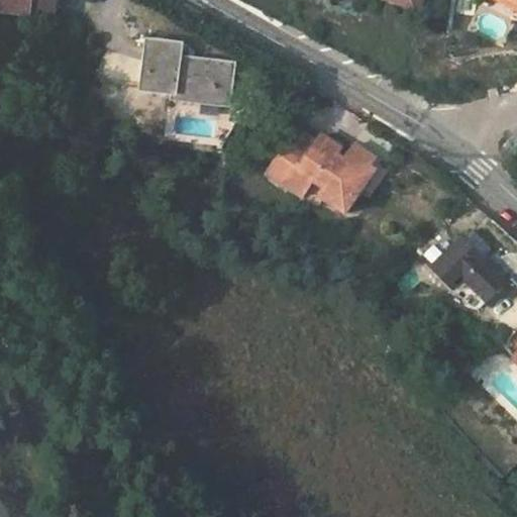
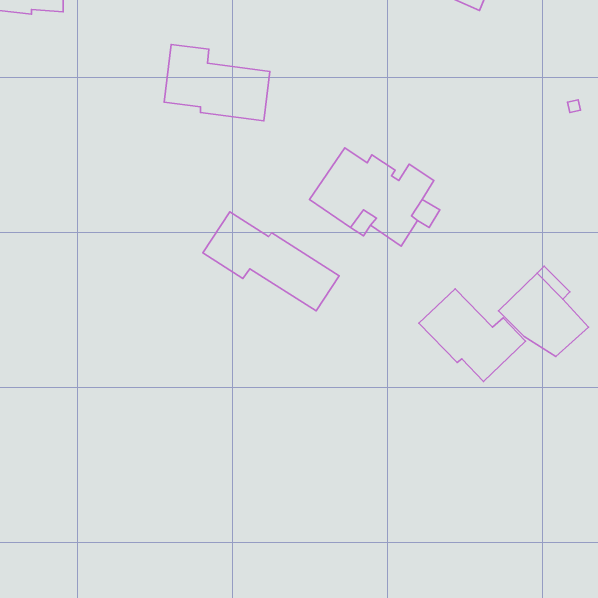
building: none -> [203,212,339,311]
building: none -> [419,289,526,382]

